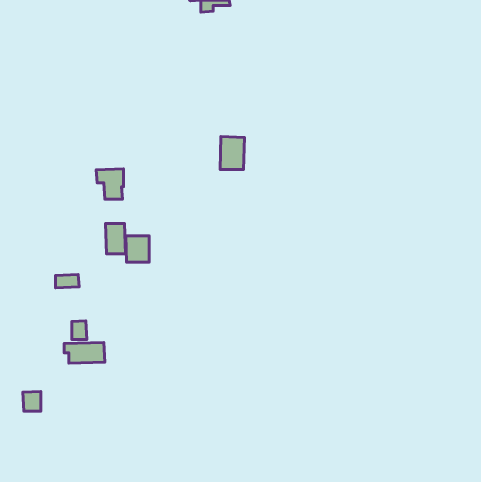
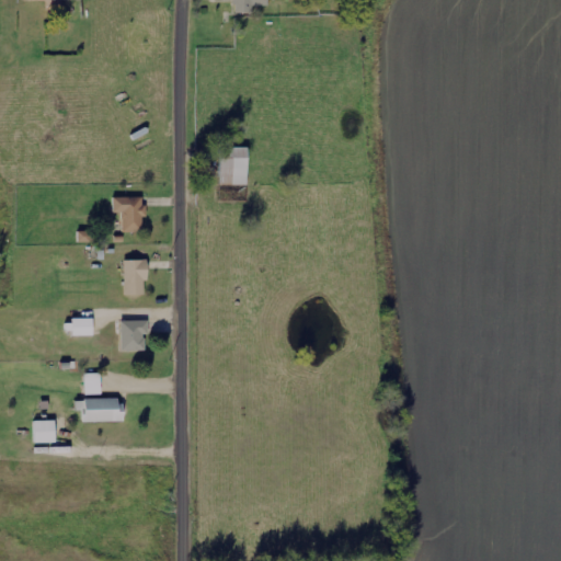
building: [220,136,245,169] -> [219,147,248,185]
building: [126,236,149,262] -> [118,320,146,351]
building: [23,391,41,411] -> [33,420,54,443]

